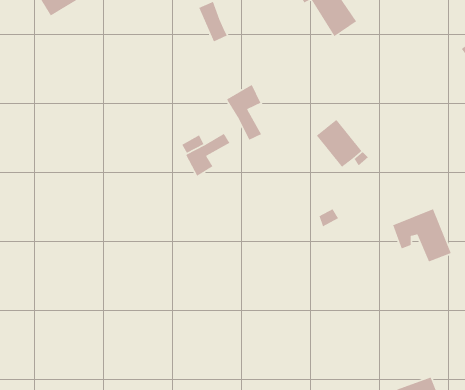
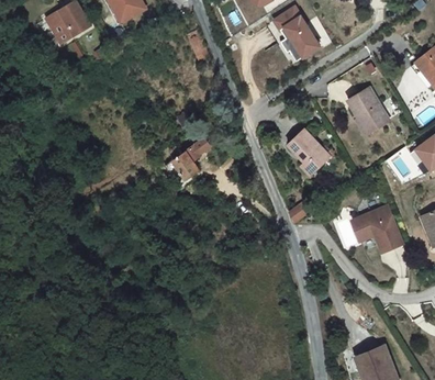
building: none -> [345,85,388,131]
building: [226,84,262,141] -> none

